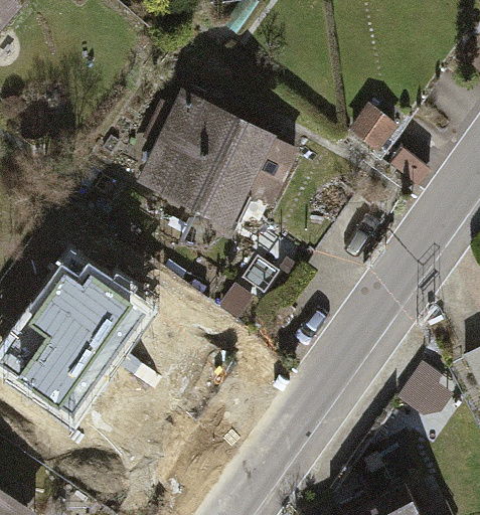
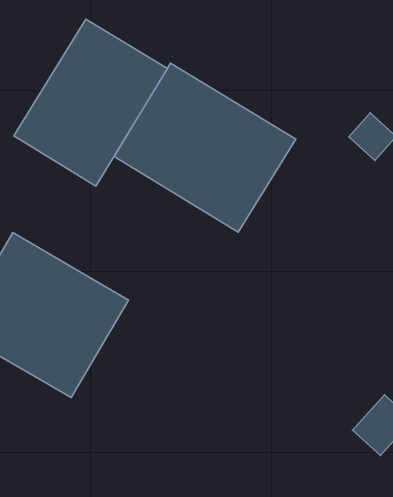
building: none -> [14,19,167,186]

